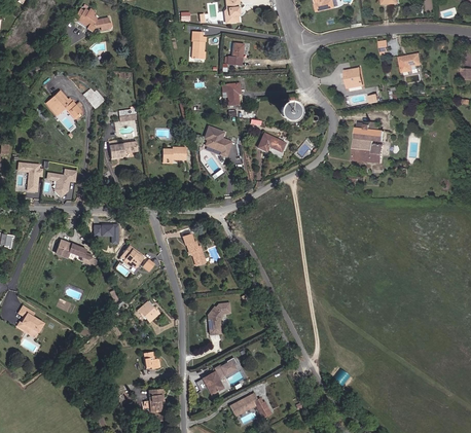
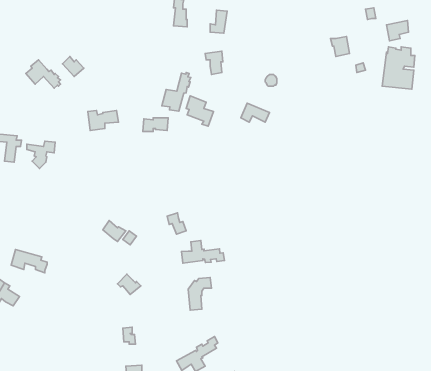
building: none -> [162,73,191,111]
building: [352,122,384,164] -> [382,47,415,89]
building: [93,223,119,244] -> none
building: [49,237,84,259] -> [11,249,47,273]
building: none -> [181,240,224,263]

